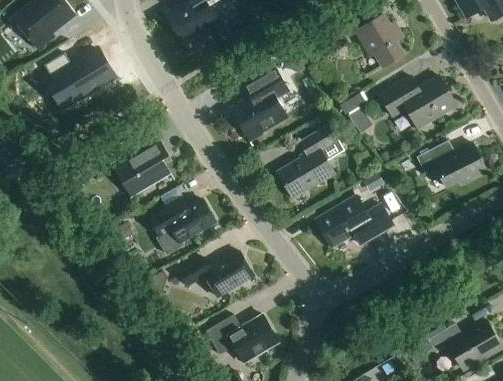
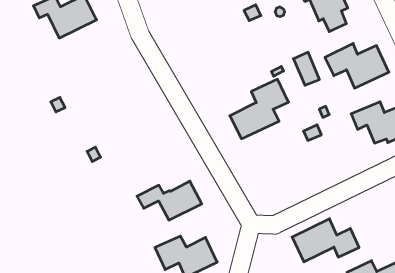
building: [230,68,289,138] -> none
building: [111,137,170,197] -> none
building: [315,195,393,247] -> [292,219,359,262]
building: [148,199,215,255] -> none

